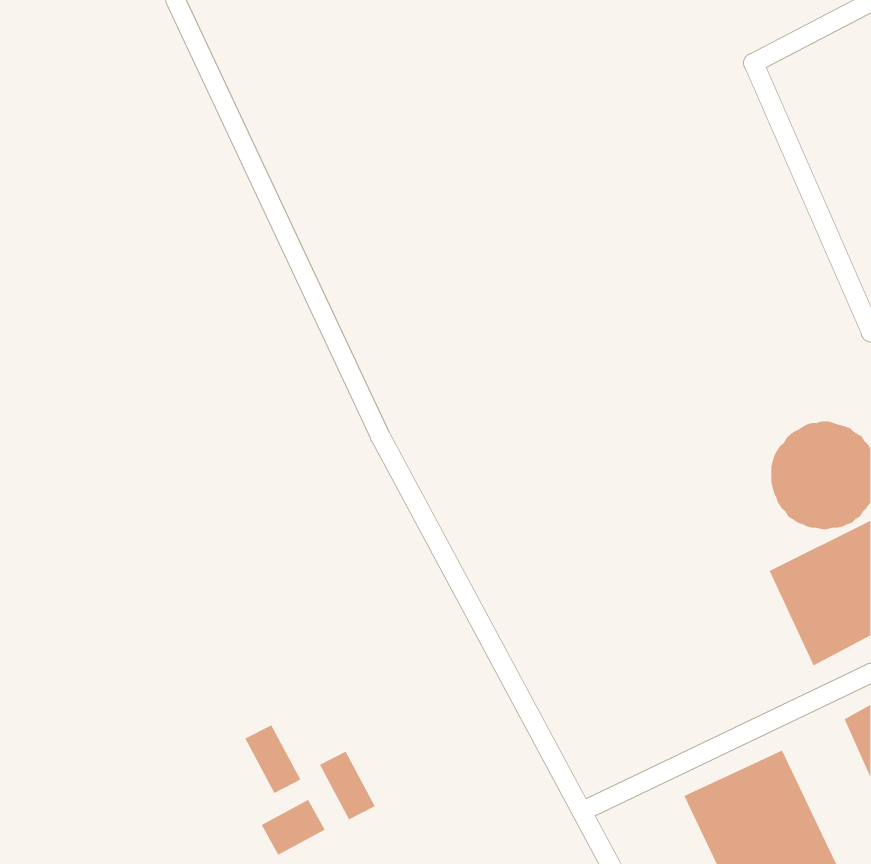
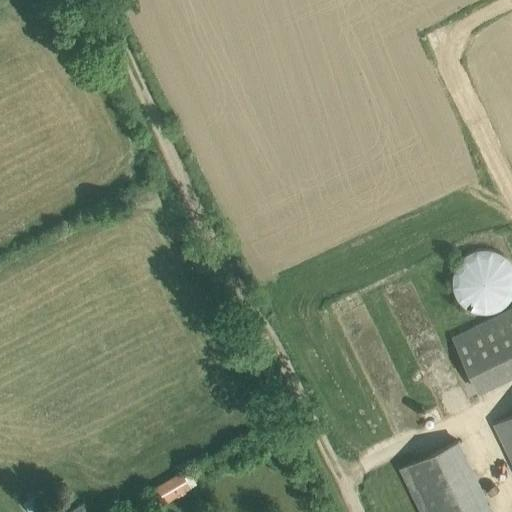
building: [244,724,301,794] -> none
building: [319,751,376,820] -> none

